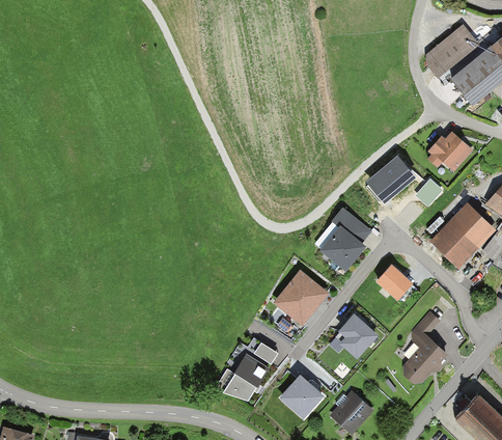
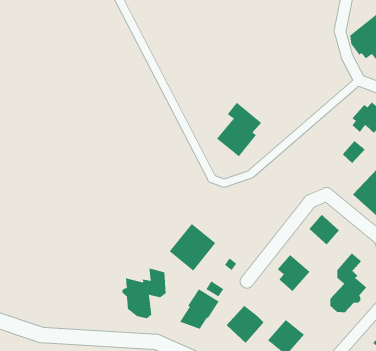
building: [366,155,417,202] -> none
building: [319,207,373,272] -> [216,102,262,157]
building: [274,269,330,326] -> [169,223,216,271]
building: none -> [122,268,166,319]

